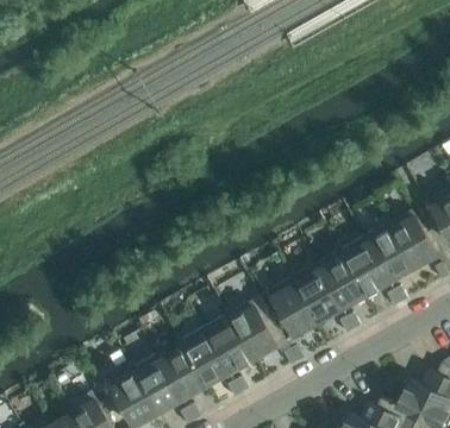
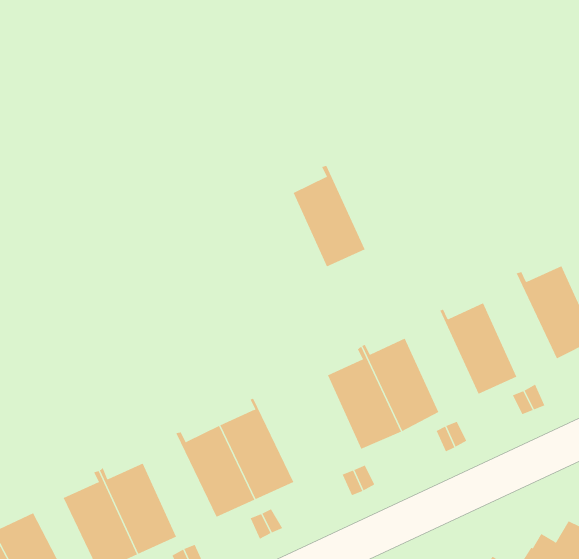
building: [364,218,413,283] -> none
building: [317,245,365,309] -> [293,165,366,267]
building: [224,301,277,360] -> none
building: [157,335,206,401] -> none

